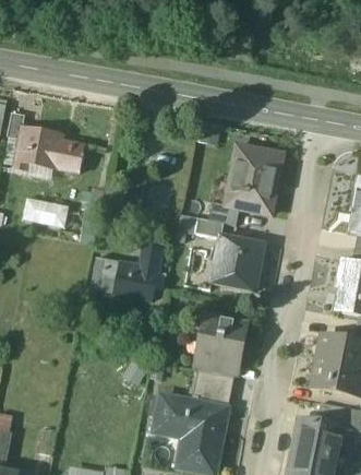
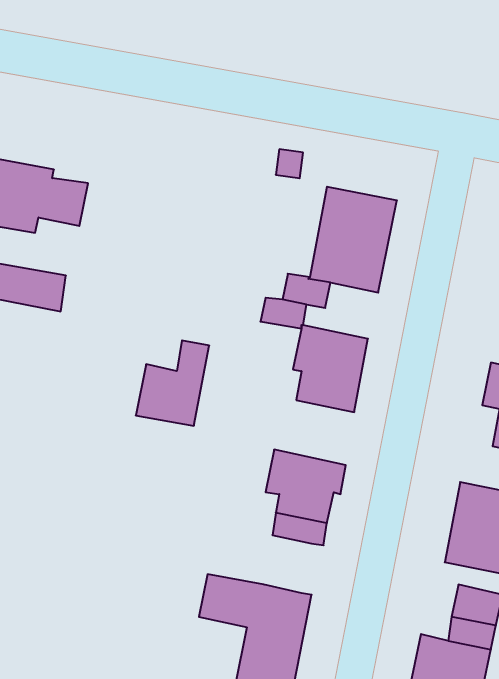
building: [92,256,121,299] -> none
building: [192,368,227,406] -> none

